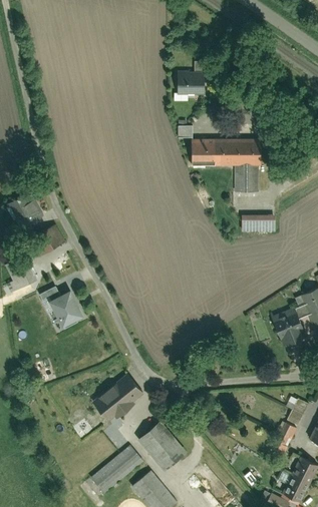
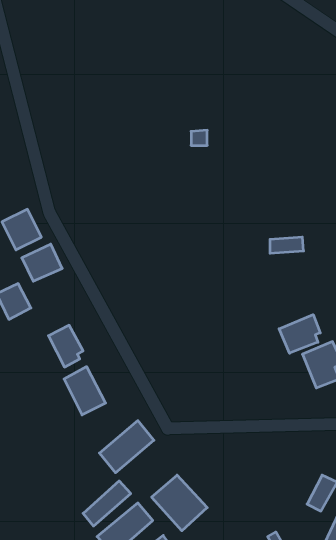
building: [179,73,207,98] -> none
building: [190,138,251,190] -> none
building: none -> [279,315,320,353]
building: none -> [64,367,106,415]

